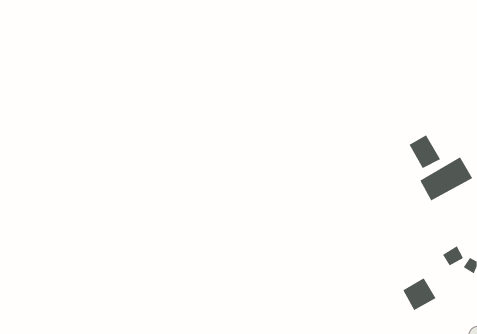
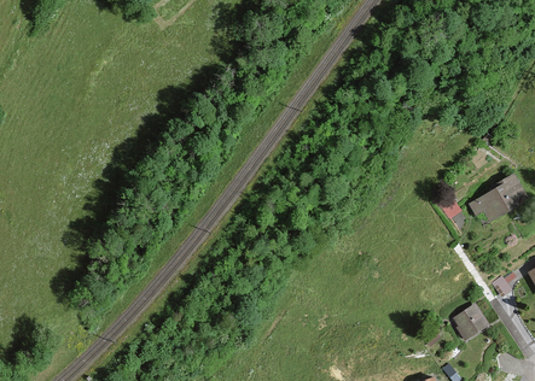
building: [409,134,441,169] -> none

